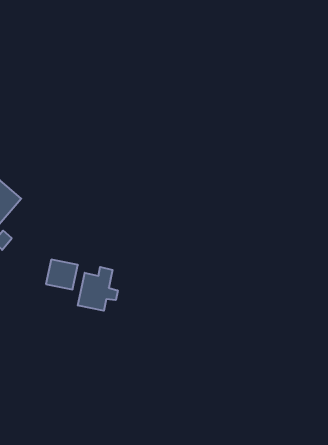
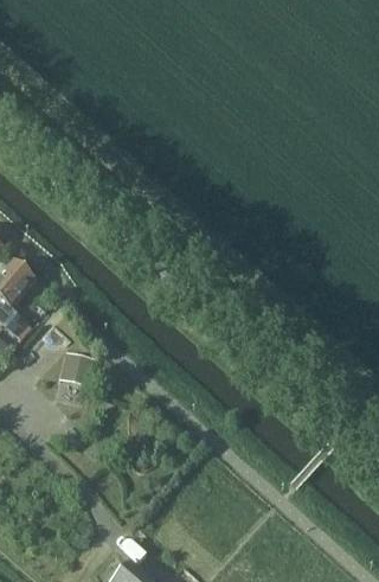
building: [78,267,118,311] -> none

